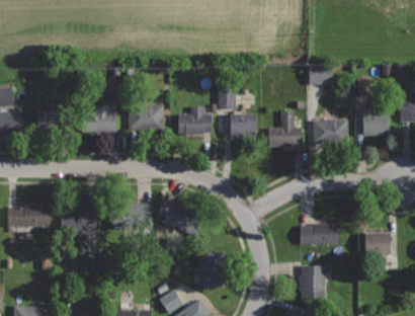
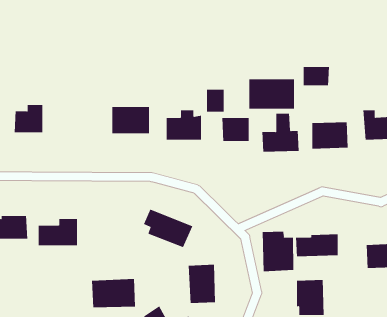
building: none -> [249,79,295,109]
building: [82,105,116,134] -> none
building: [110,203,152,230] -> [91,278,136,308]
building: none -> [262,231,294,272]

